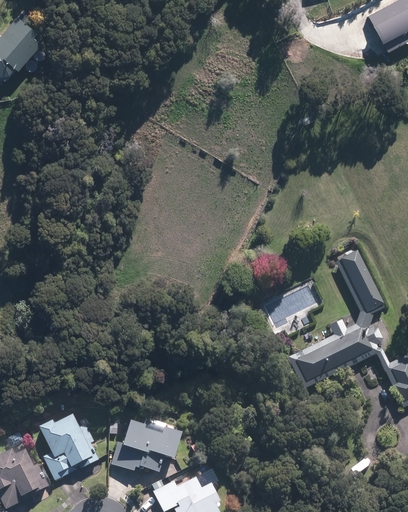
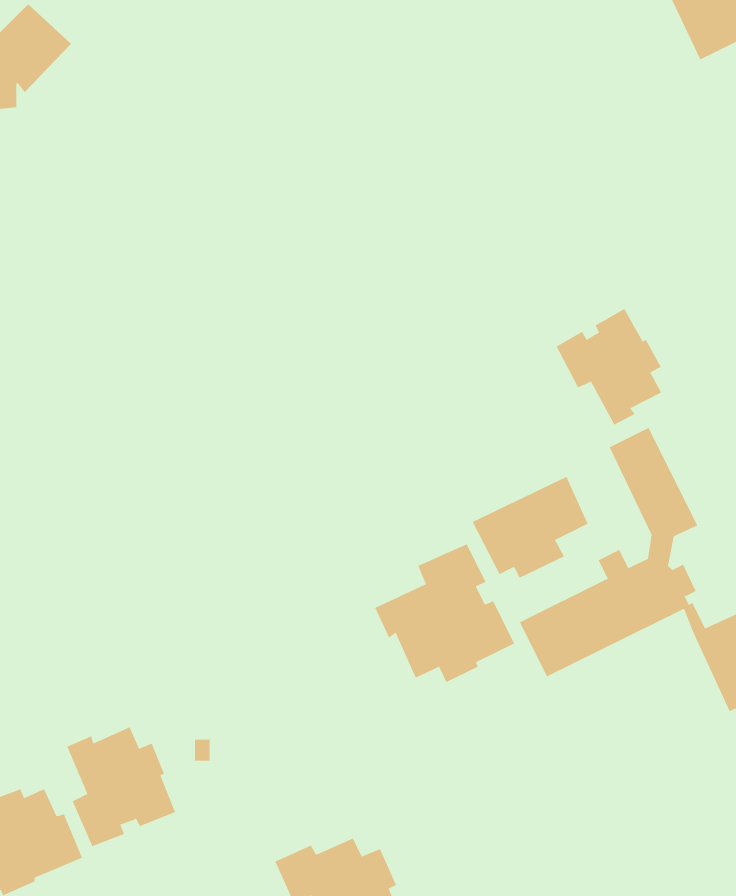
building: none -> [556,308,662,425]
building: none -> [375,543,515,683]
building: [110,417,182,471] -> none

